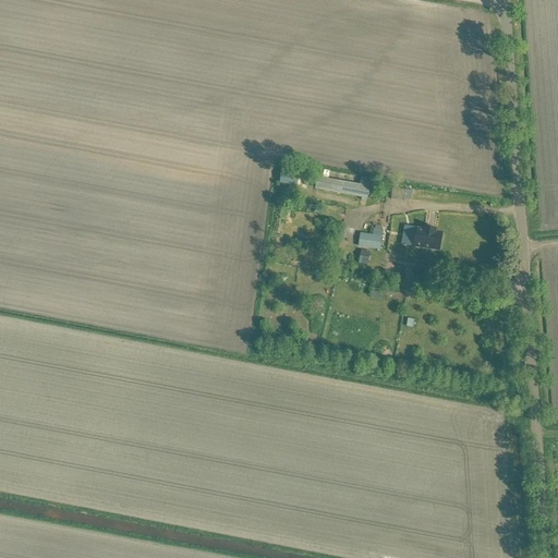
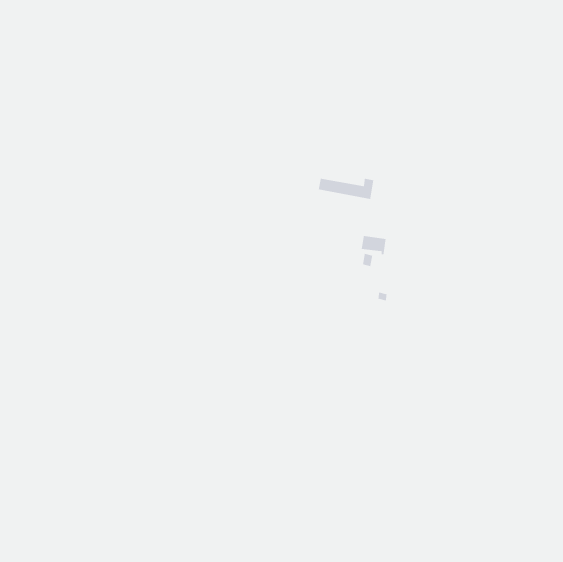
building: [413,226,441,250] -> none

